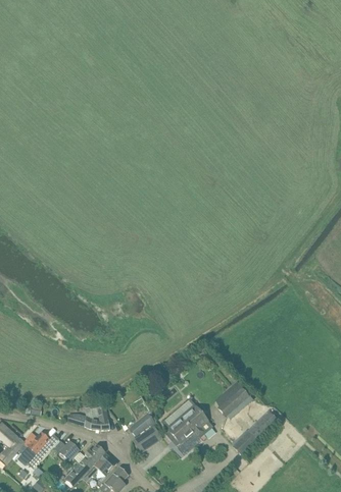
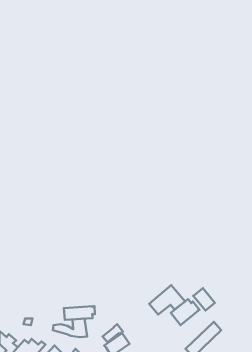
building: none -> [193,288,215,311]
building: none -> [64,306,95,320]
building: [167,406,212,443] -> [149,285,185,314]

